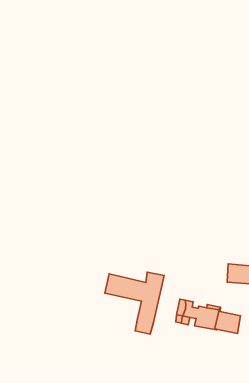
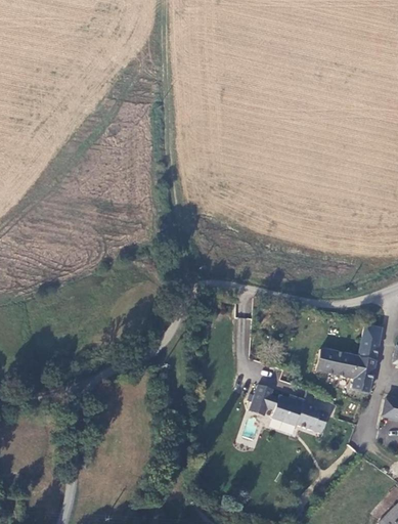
building: [105,272,164,334] -> none

